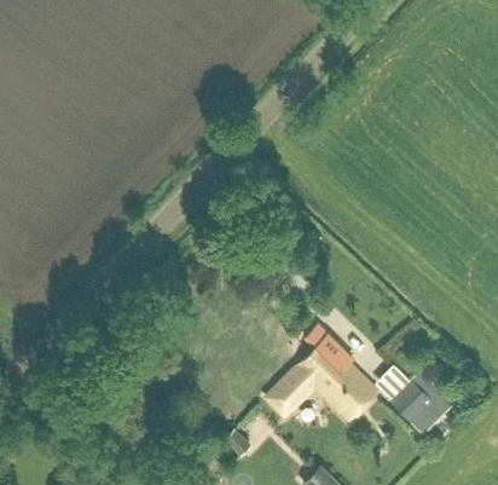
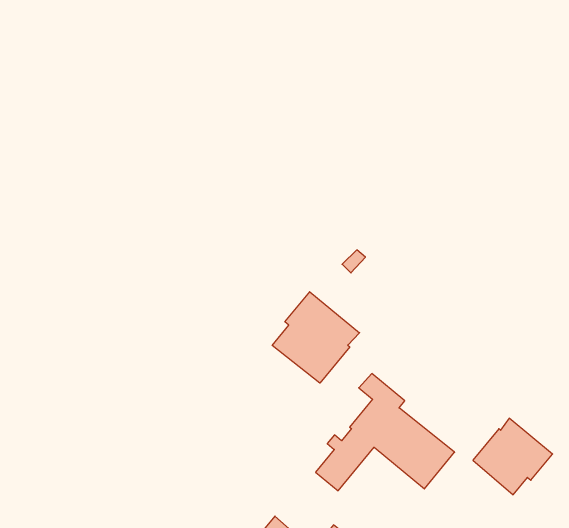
building: none -> [272,292,360,383]

